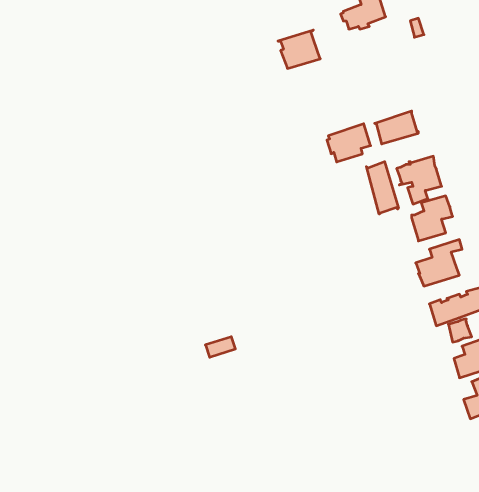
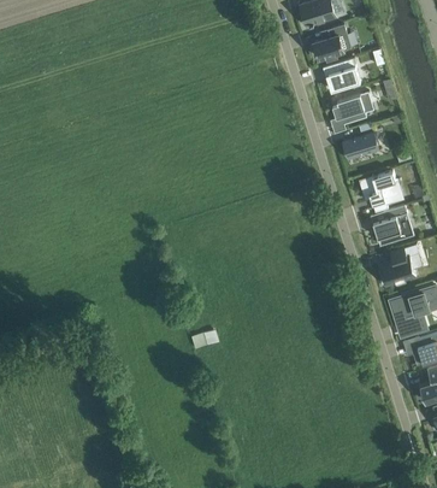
building: [278,30,320,68] -> [323,57,360,90]
building: [327,124,371,162] -> [335,90,373,124]
building: [366,162,398,214] -> none

